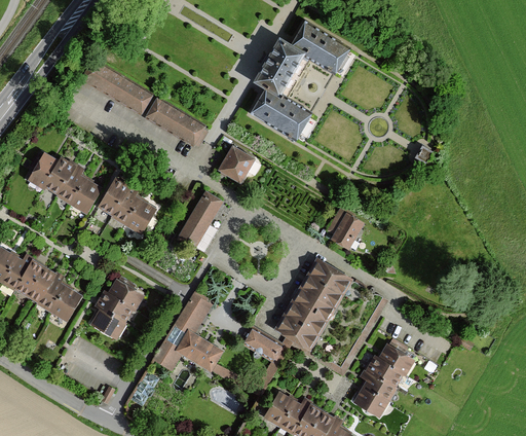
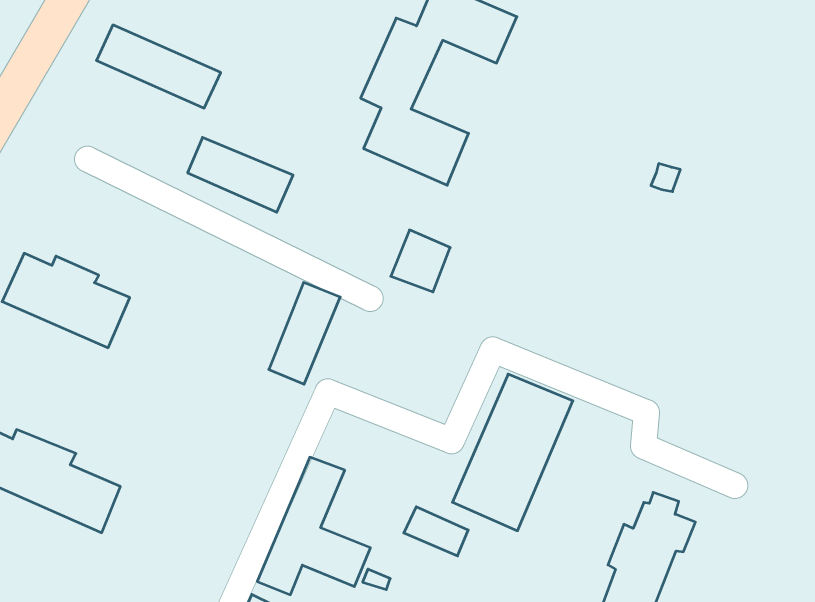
building: [81,59,153,114] -> [96,25,221,108]
building: [218,145,255,183] -> [391,230,450,292]
building: [97,176,157,234] -> none
building: [331,210,366,249] -> none
building: [90,278,145,339] -> none

